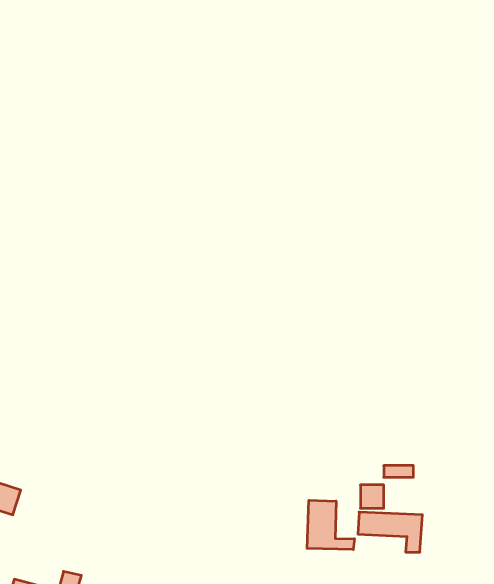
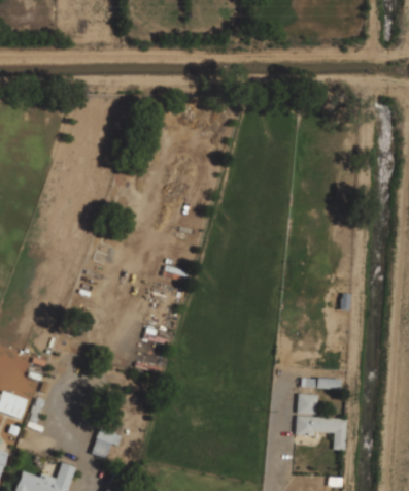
building: [307,500,354,550] -> none
building: none -> [91,427,122,460]

